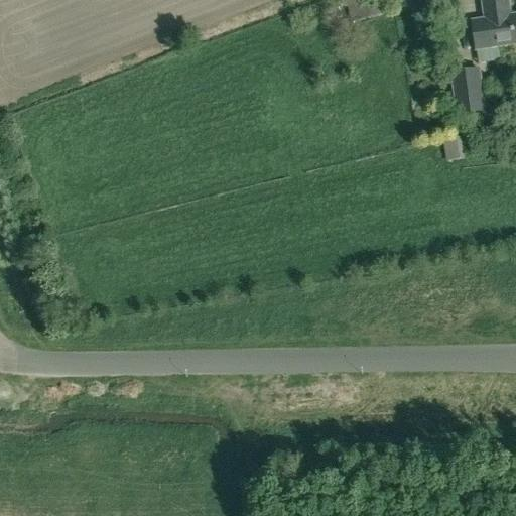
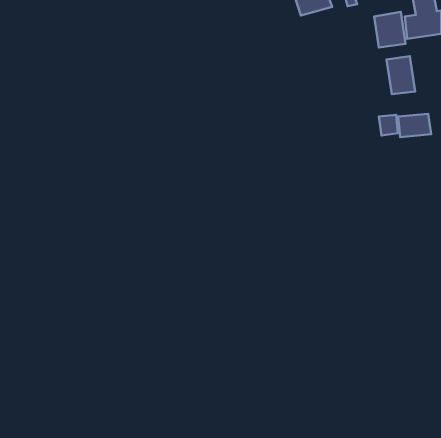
building: none -> [374,12,405,48]
building: none -> [398,114,431,137]

